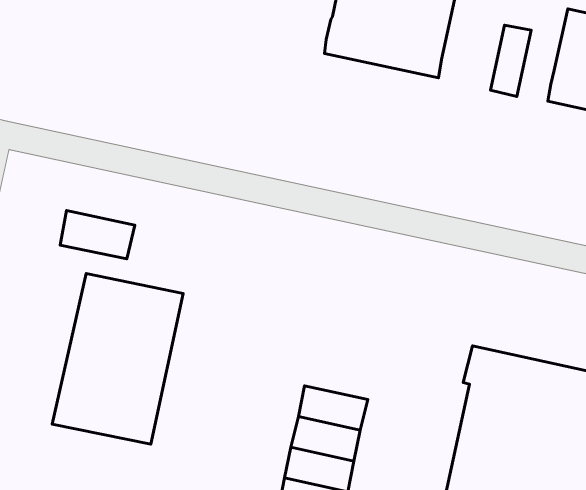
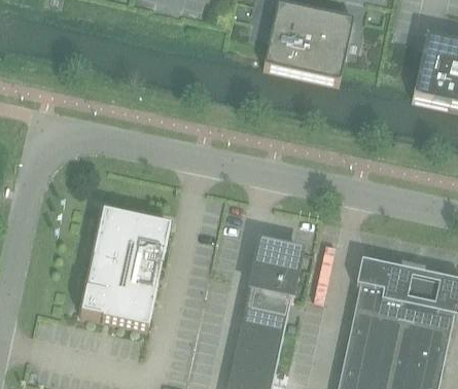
building: [491,25,531,97] -> none
building: [60,211,135,259] -> none
building: none -> [250,242,302,294]

